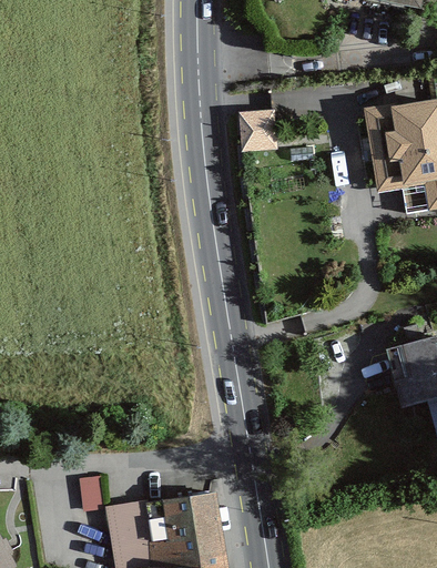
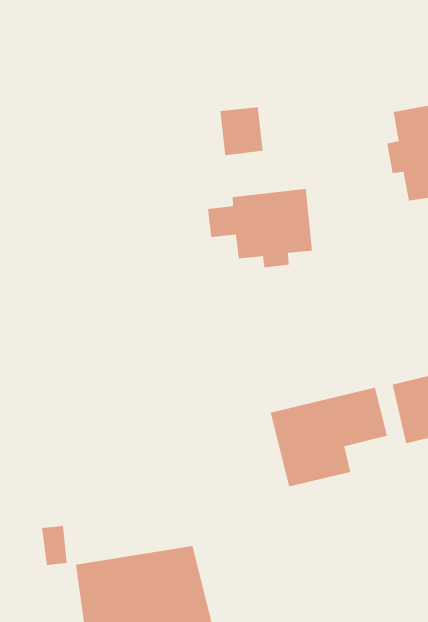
building: none -> [208,188,312,268]
building: none -> [270,387,388,487]

